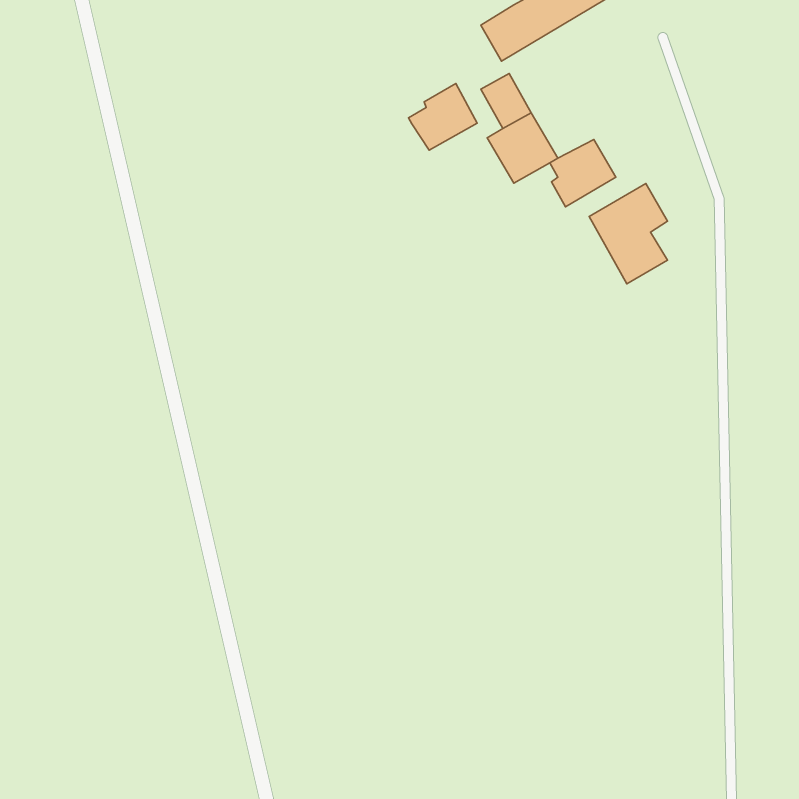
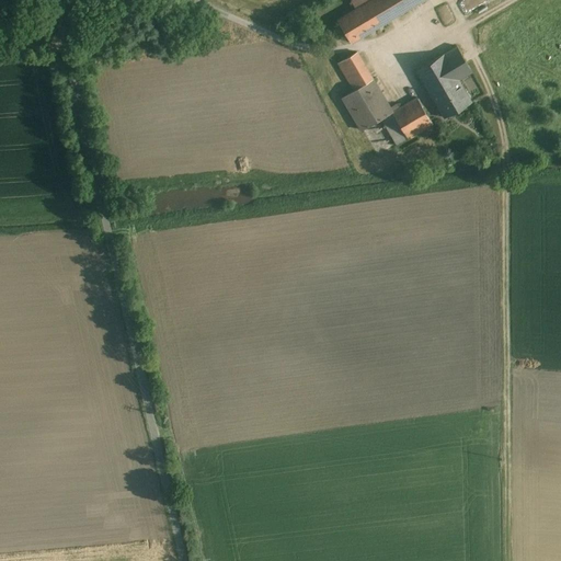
building: [409,84,477,150] -> none
building: [589,183,668,284] -> [416,46,471,116]

